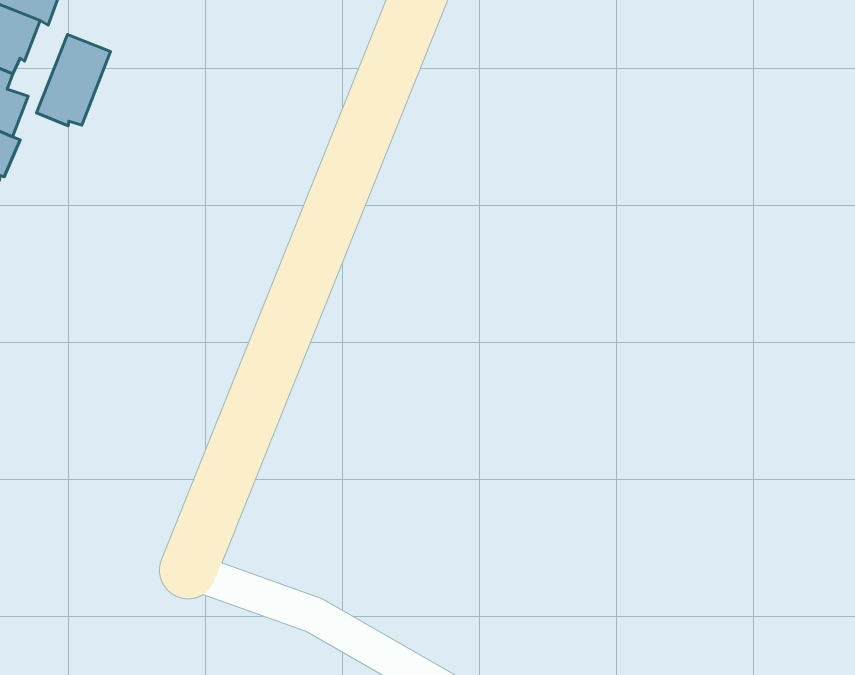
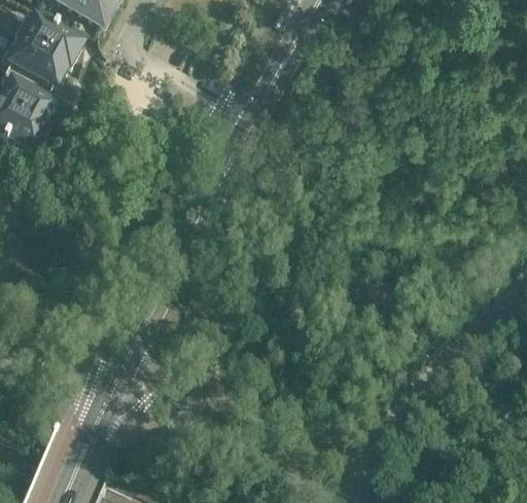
building: [36,35,110,126] -> none

